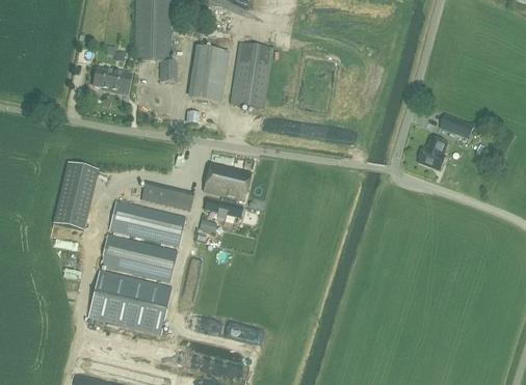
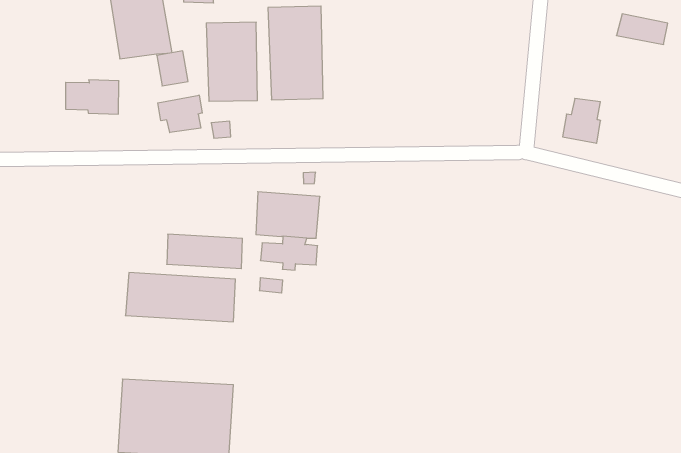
building: none -> [158,95,202,133]
building: [439,113,474,138] -> [616,14,668,44]
building: [53,161,99,229] -> none
building: [100,232,178,281] -> none

